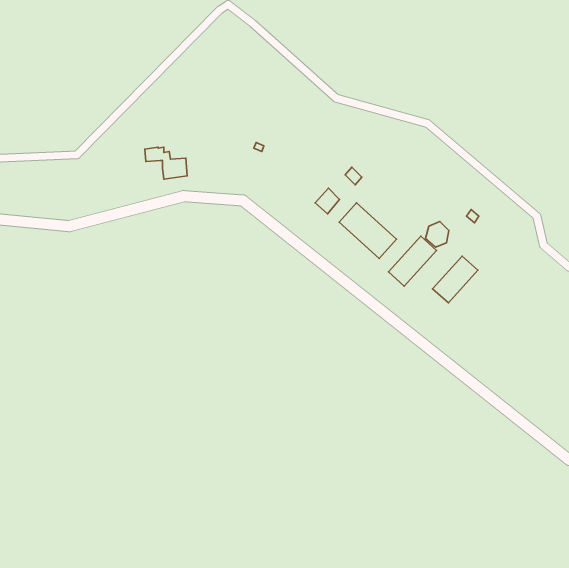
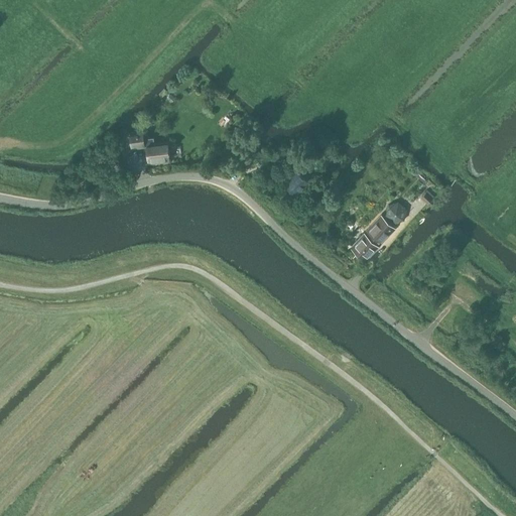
building: [339,203,397,258] -> none
building: [433,256,478,303] -> none

